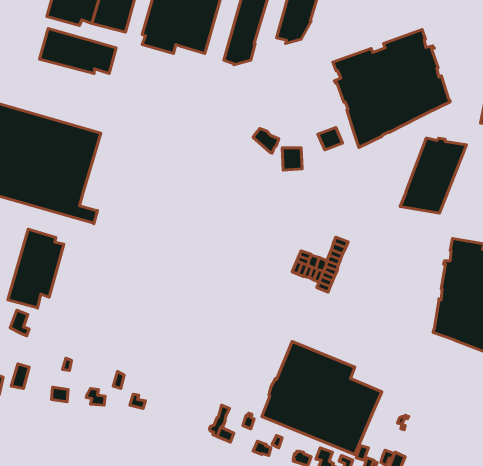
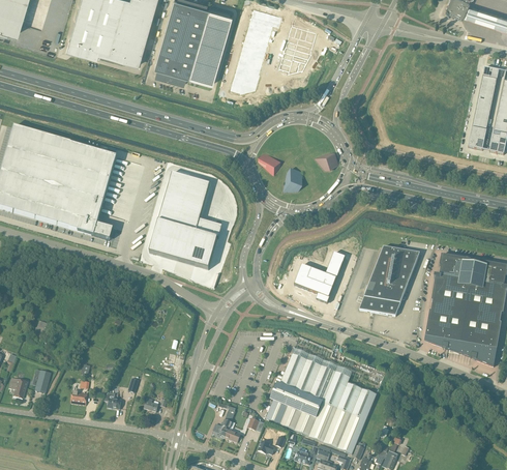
building: [39,28,116,73] -> none
building: [333,30,450,147] -> none
building: [400,138,466,213] -> [359,246,420,316]
building: none -> [149,173,221,269]
building: [8,229,64,308] -> none

